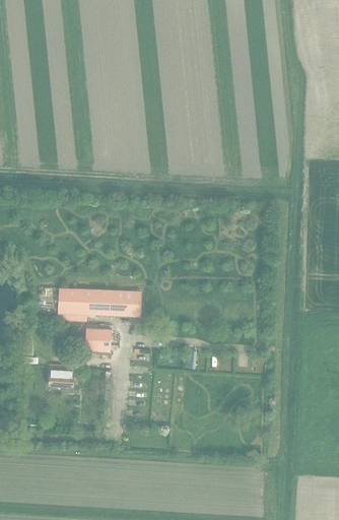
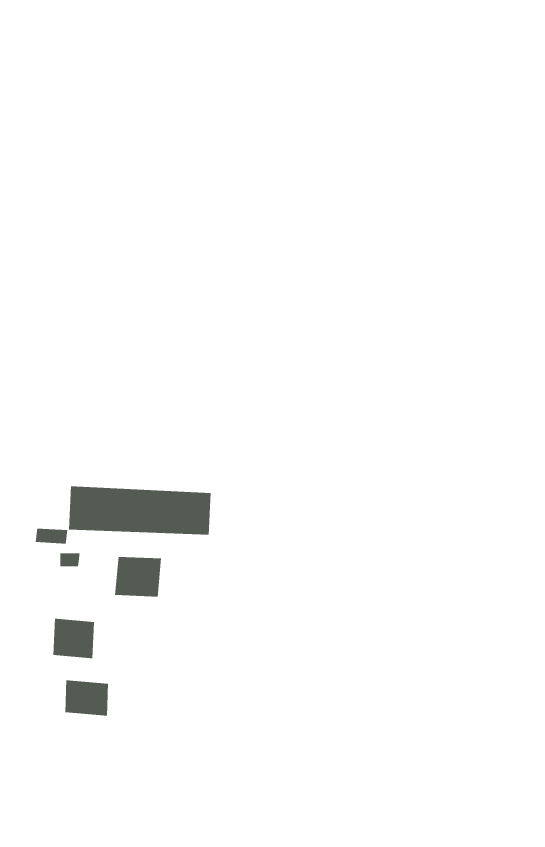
building: none -> [65,680,109,717]

